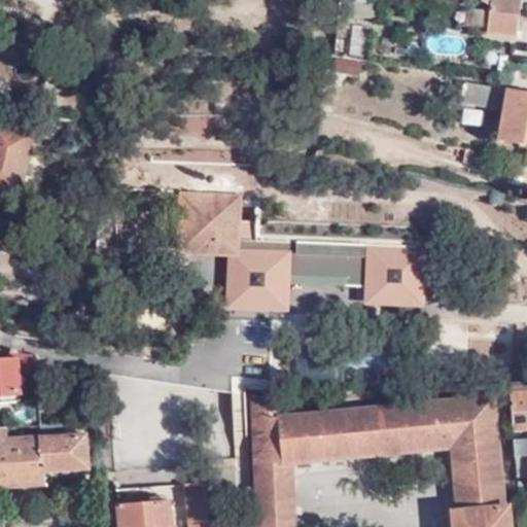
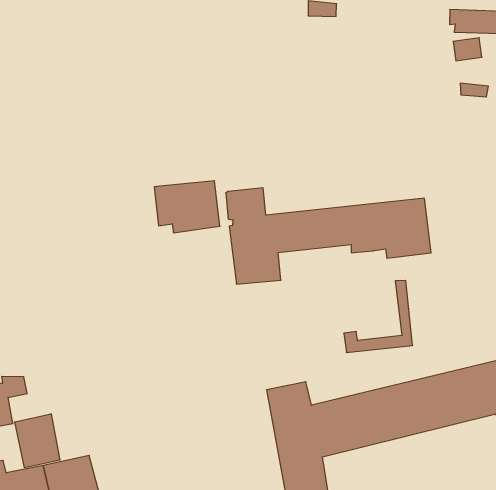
building: [176,192,344,312] -> none
building: [362,246,424,306] -> [344,280,413,353]
building: none -> [15,414,60,468]

